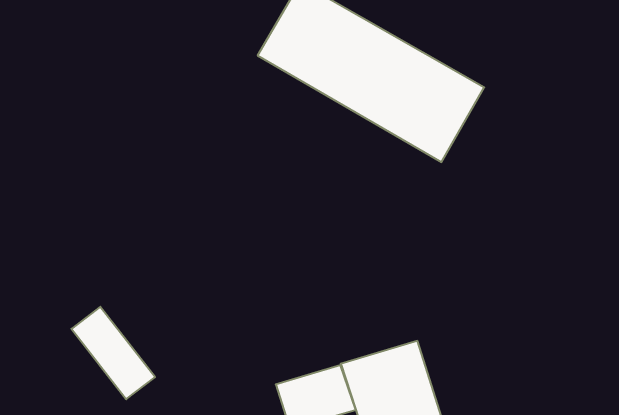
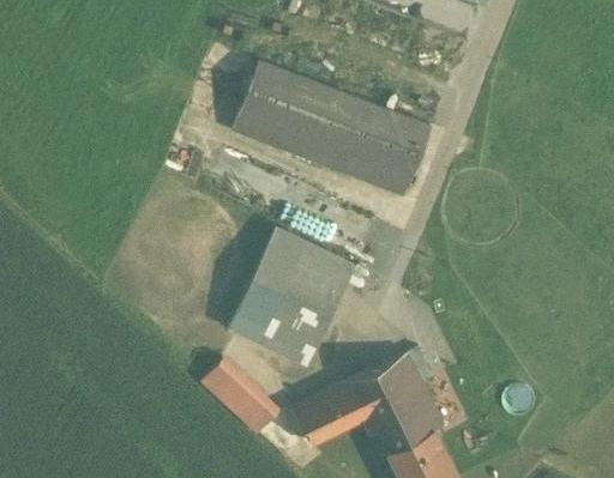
building: none -> [230,229,354,362]
building: [71,307,155,399] -> [201,357,279,432]

